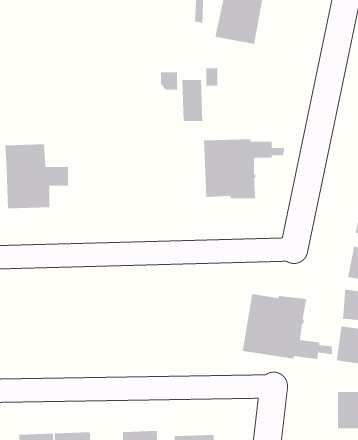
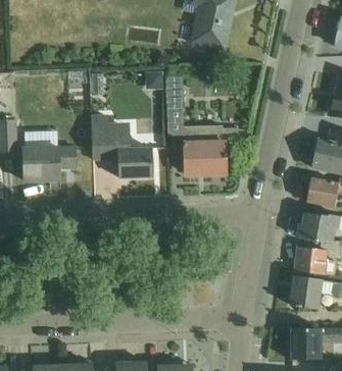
building: none -> [90,117,152,178]
building: [242,293,333,360] -> none

